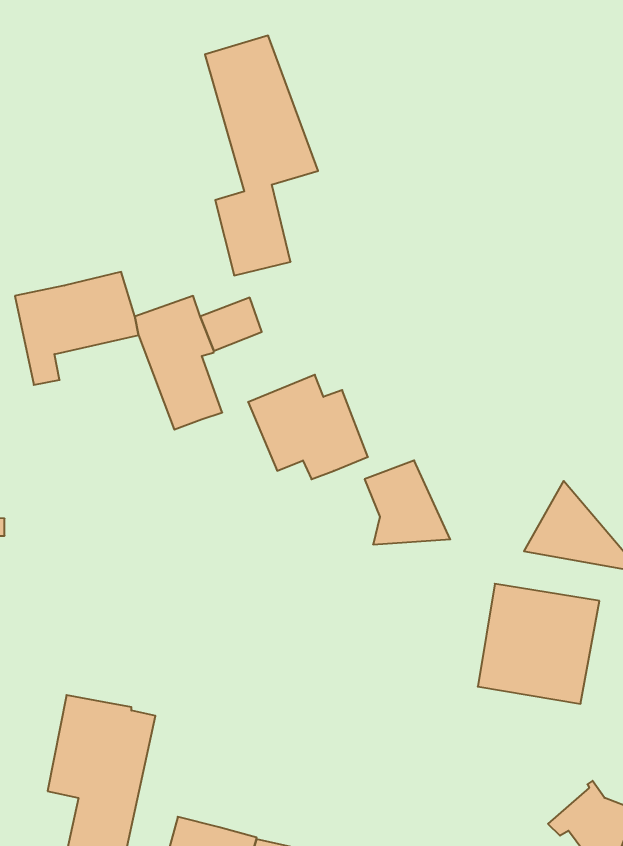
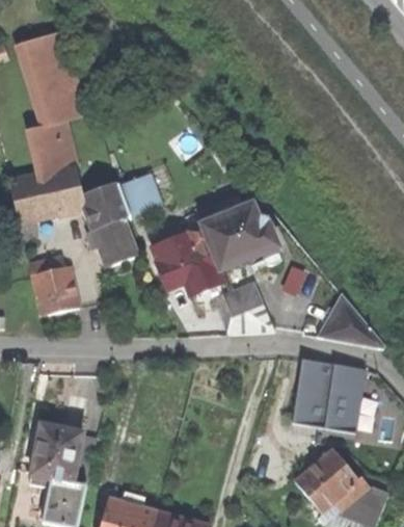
building: [205,36,318,275] -> [22,31,90,177]
building: none -> [200,195,280,268]
building: none -> [28,256,78,316]
building: none -> [294,449,357,512]

